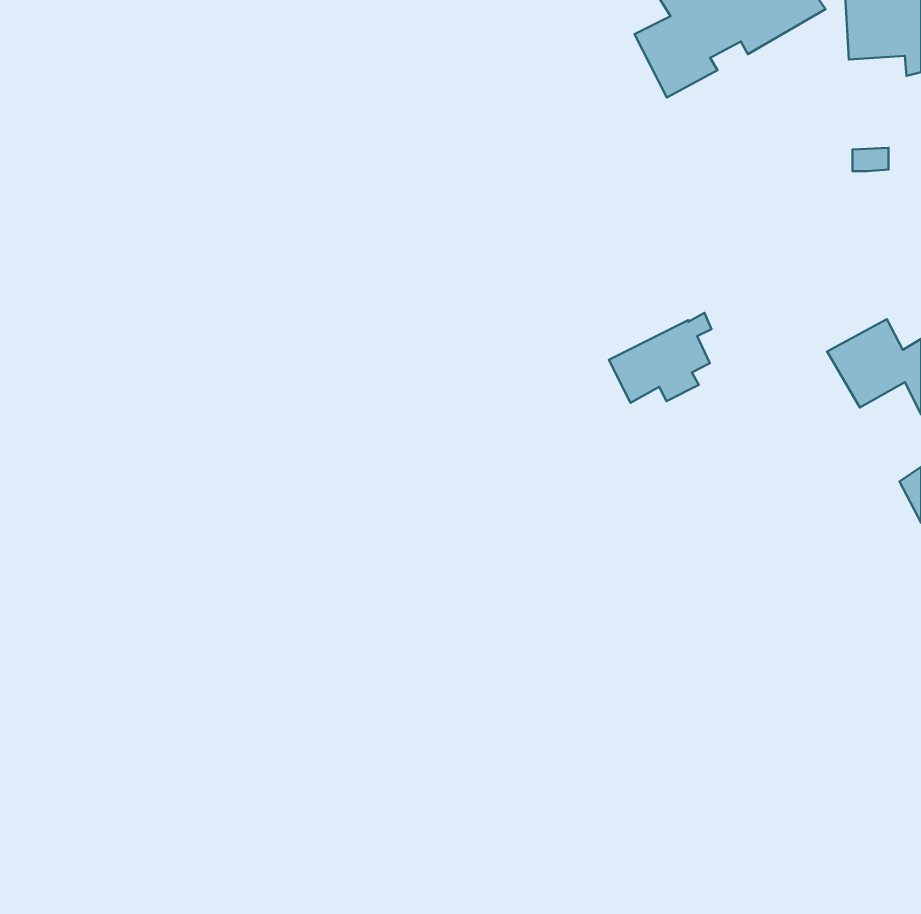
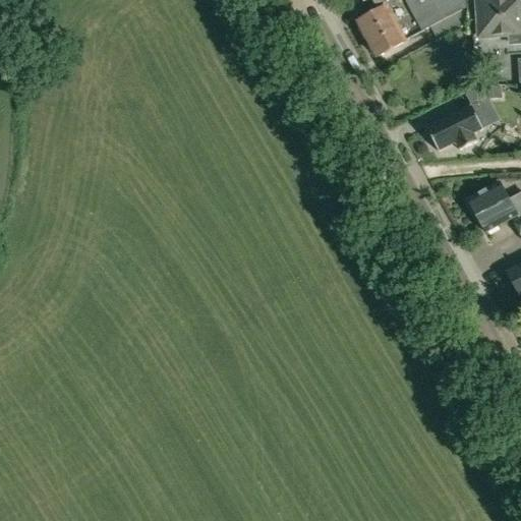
building: [609,313,712,403] -> [426,99,484,150]

